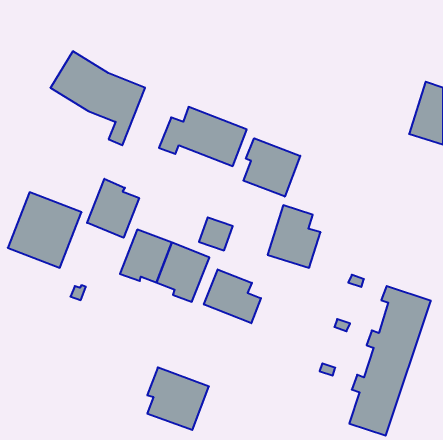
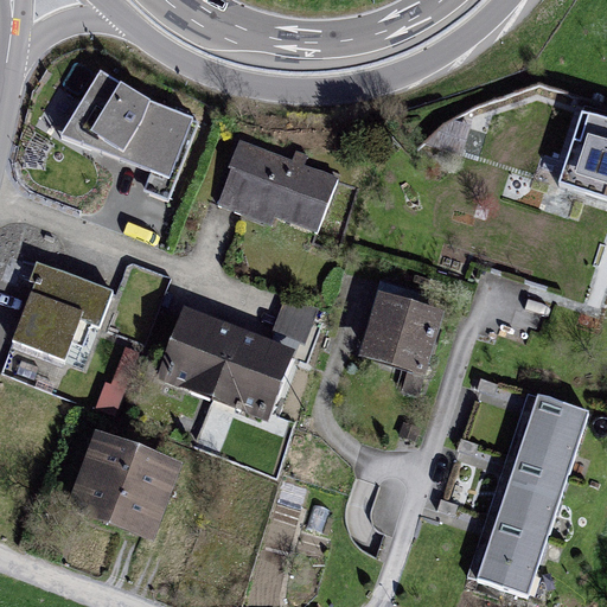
building: [243,138,300,197] -> none
building: [87,179,139,238] -> none
building: [204,269,261,323] -> none
building: [147,367,209,430] -> [85,442,170,528]

